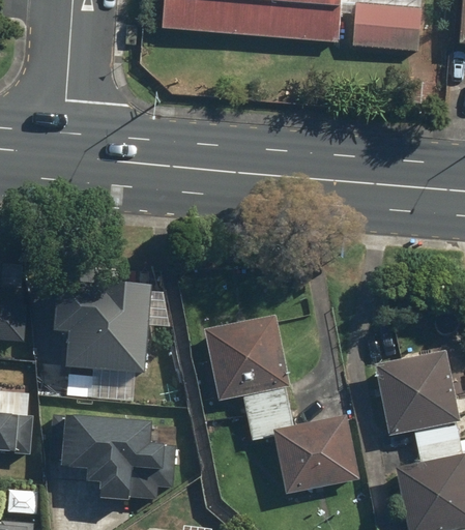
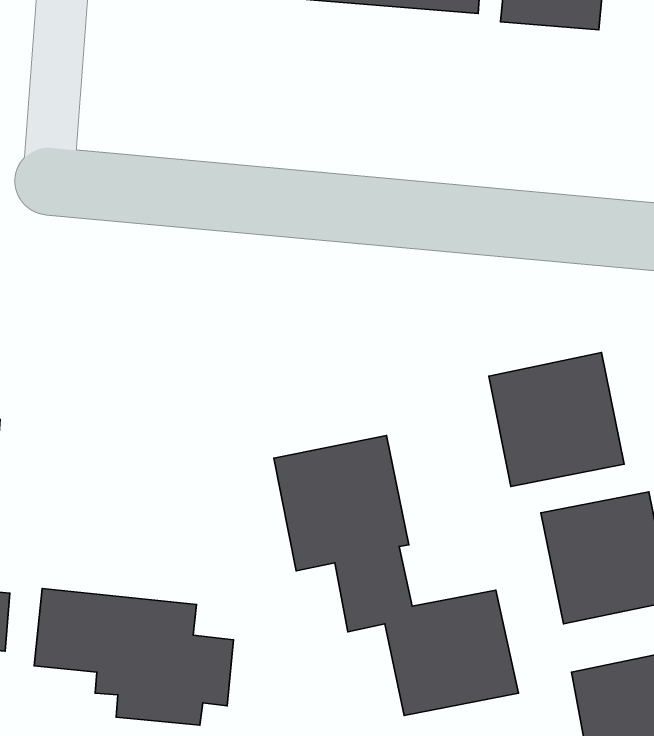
building: none -> [489,352,624,487]
building: [56,273,153,373] -> none

